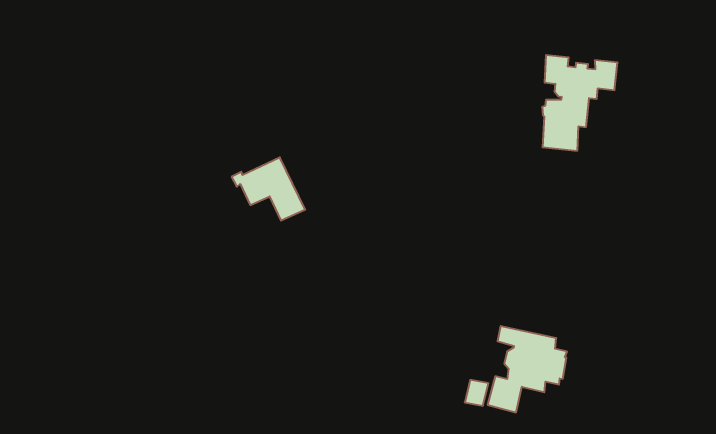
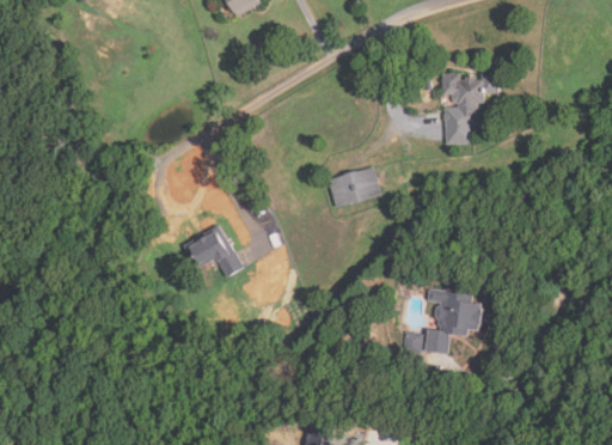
building: [232,157,305,221] -> [183,228,243,278]
building: none -> [326,167,380,208]

